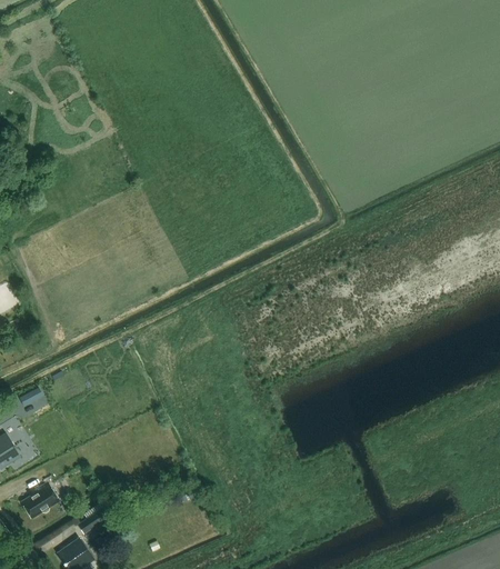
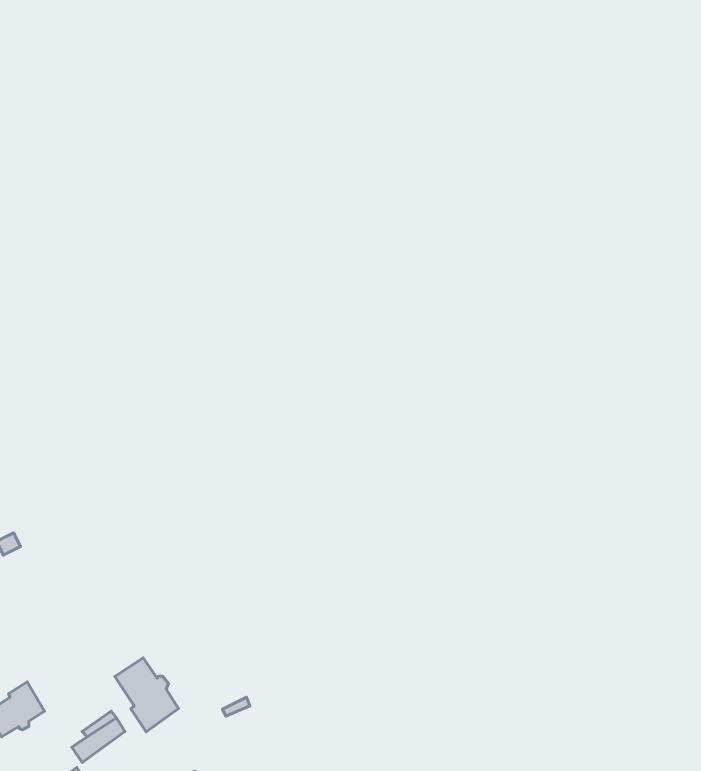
building: none -> [115,658,179,732]

